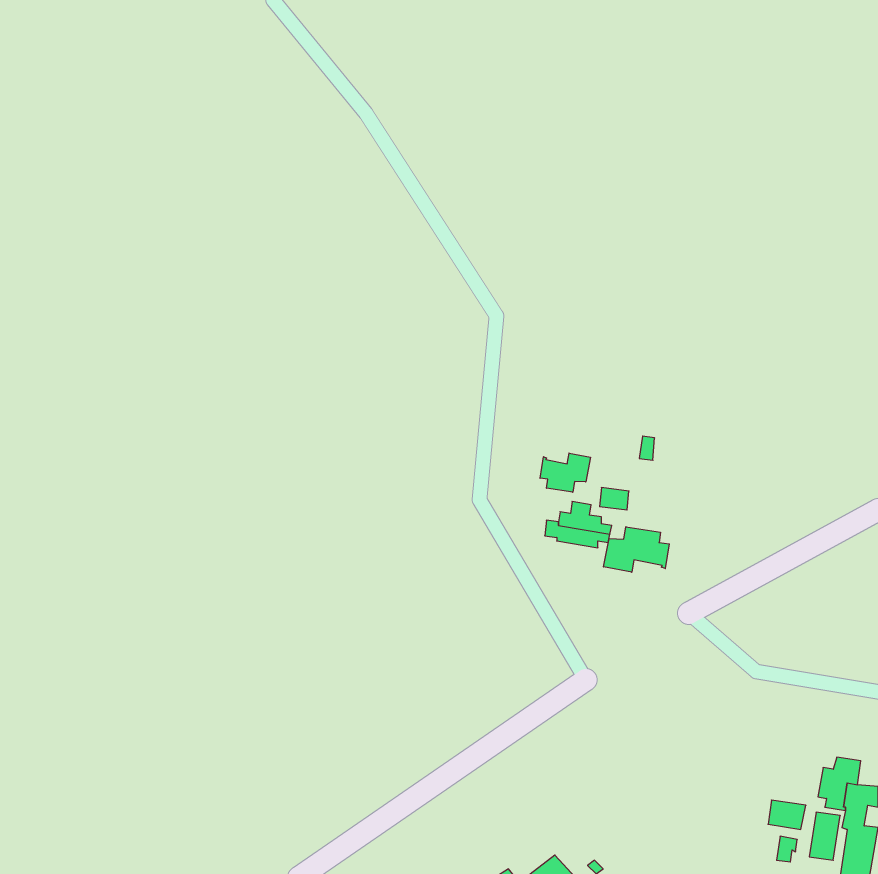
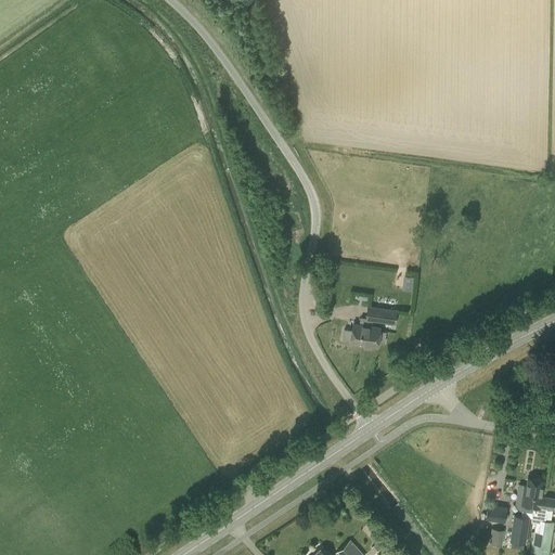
building: [540,453,590,492] -> none
building: [604,527,669,572] -> none

